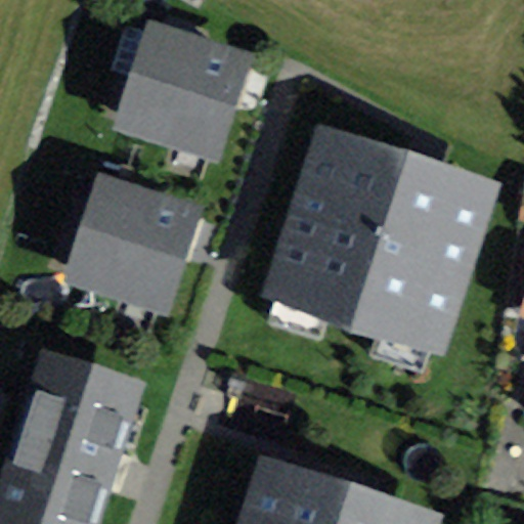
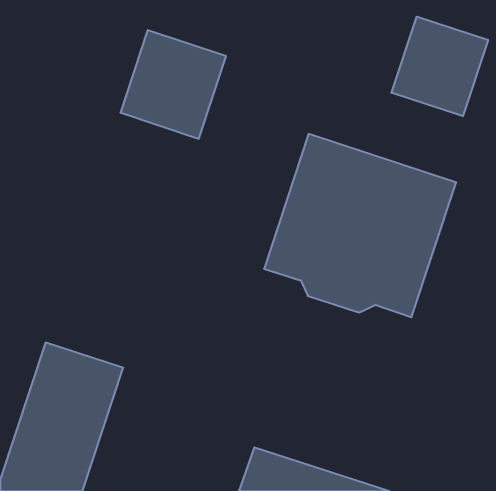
building: none -> [391,17,488,116]
building: [77,184,188,299] -> none

